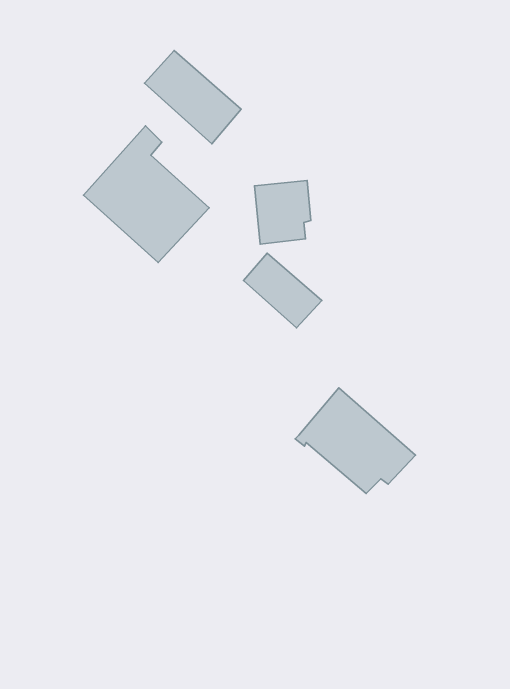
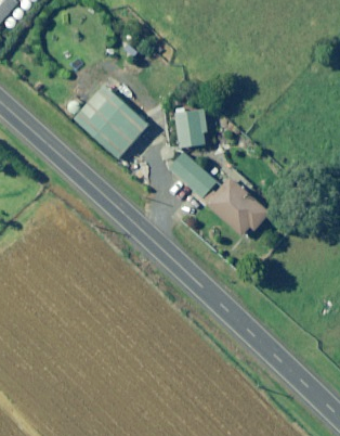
building: [145,51,241,144] -> none
building: [295,388,415,493] -> [199,172,271,235]

